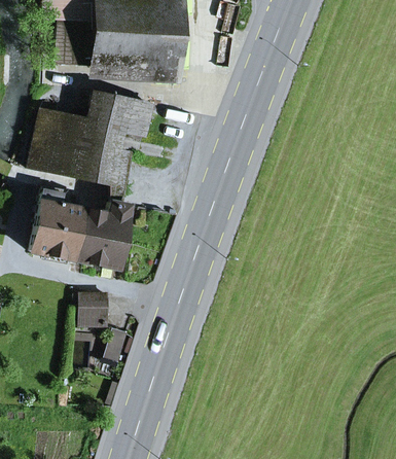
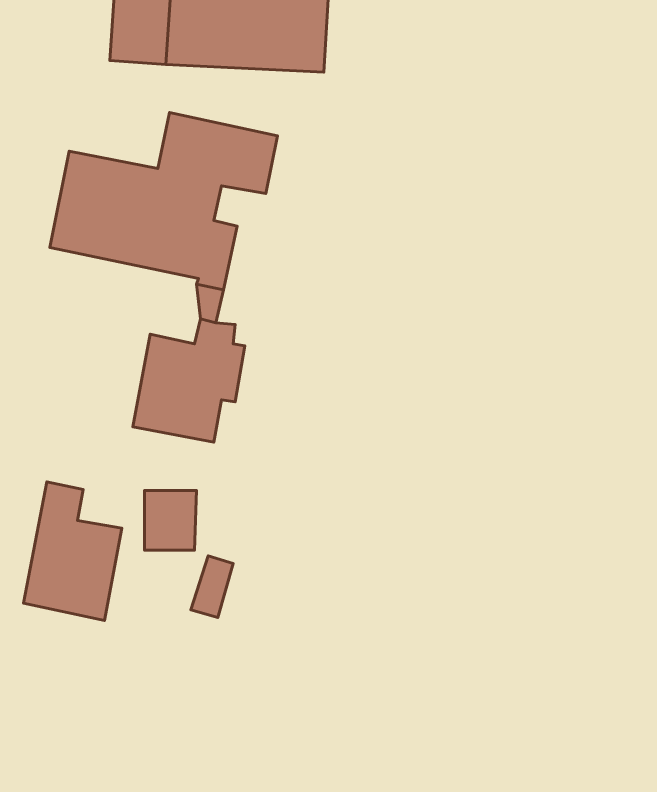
building: [31,186,83,260] -> [24,482,122,621]

